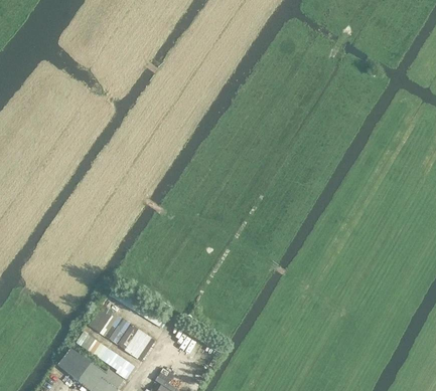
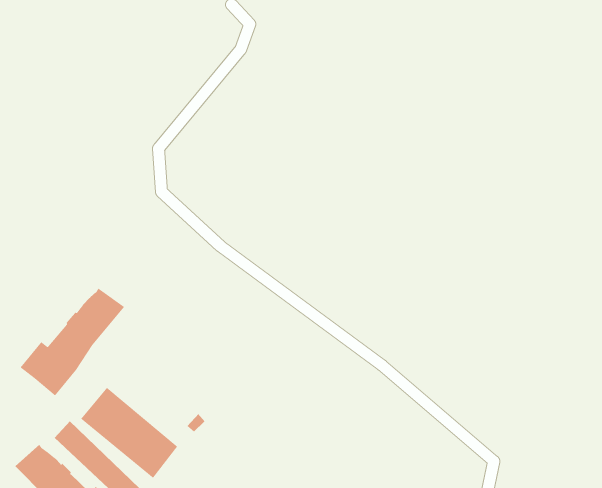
building: none -> [20,287,125,396]

